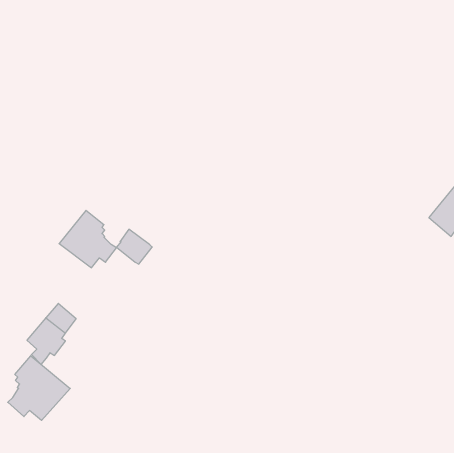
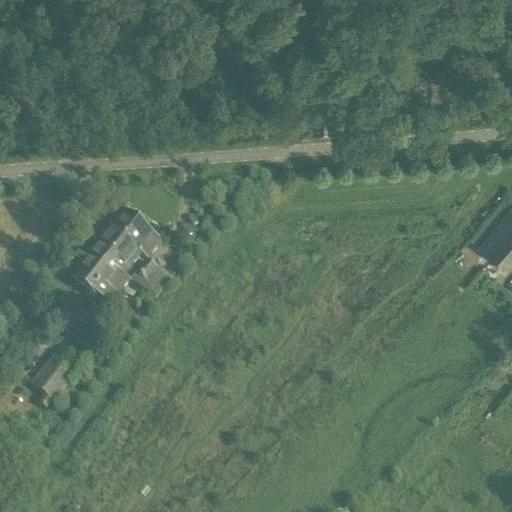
building: none -> [100,205,164,273]
building: [8,356,70,420] -> none

